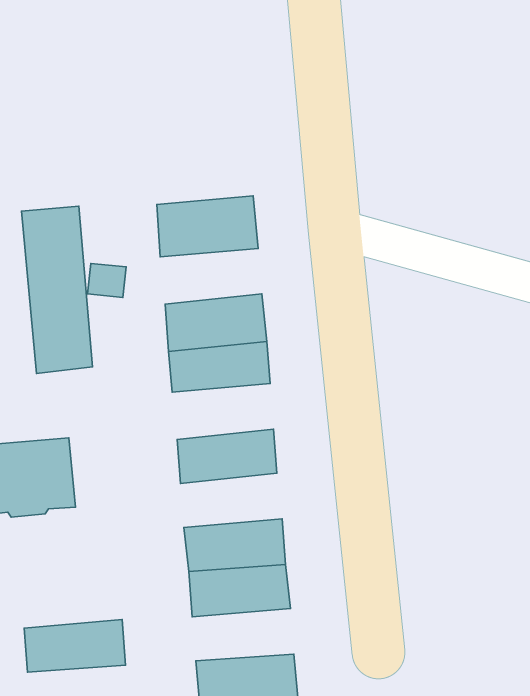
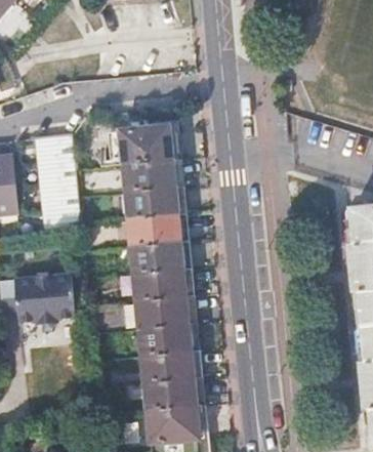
building: none -> [121,159,182,193]
building: none -> [128,241,190,275]
building: none -> [133,295,195,328]
building: [24,620,126,672] -> [140,377,202,409]

